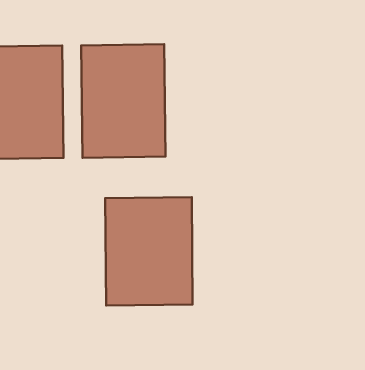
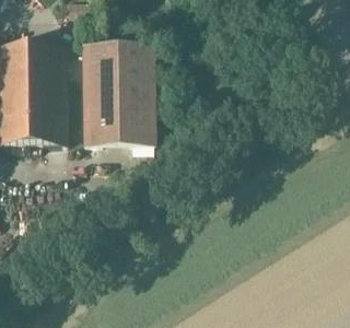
building: [105,197,193,306] -> none

